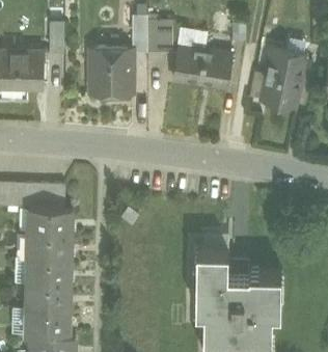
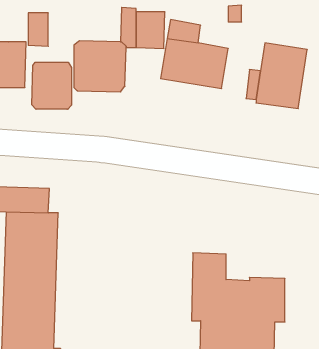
building: none -> [32,62,71,109]

